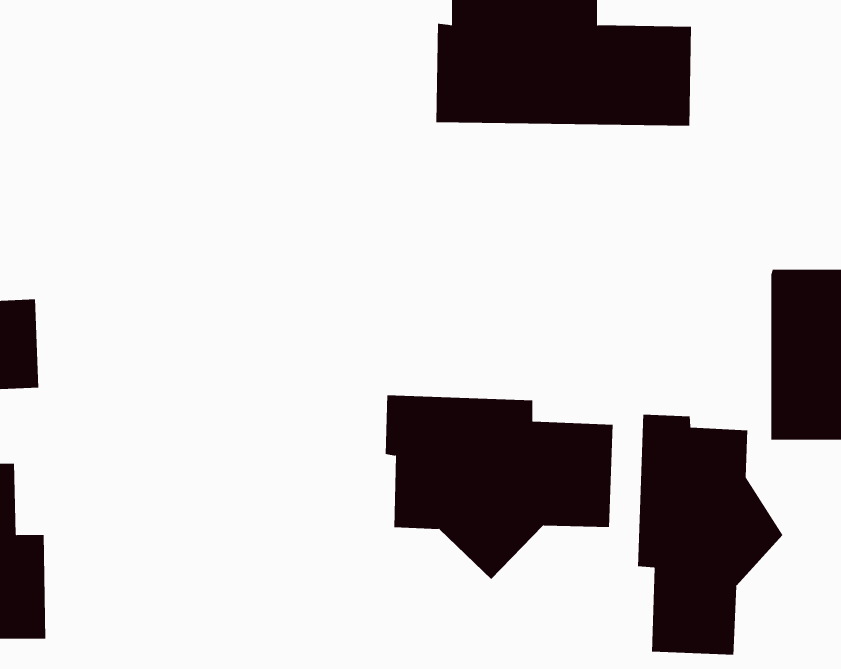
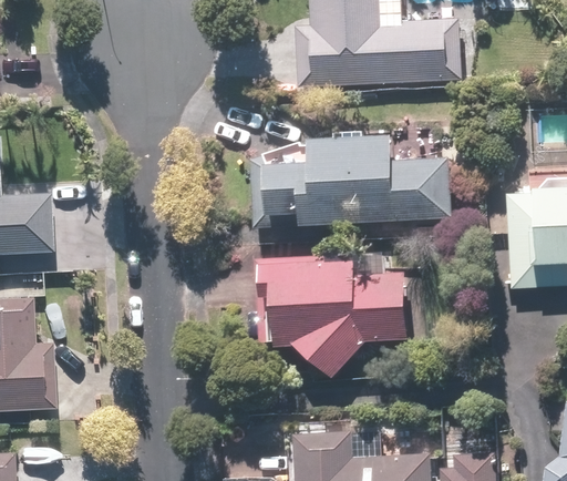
building: none -> [252,137,449,221]
building: [637,414,783,655] -> none

